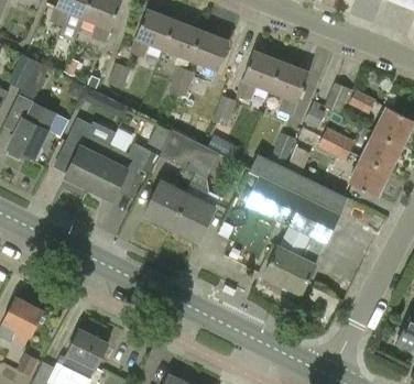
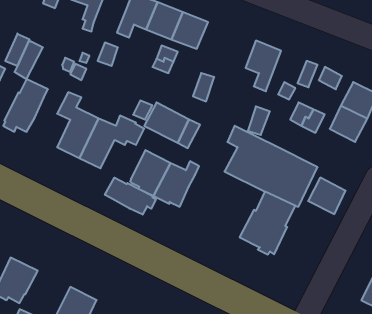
building: [237,51,281,100] -> none
building: [348,157,389,197] -> [308,178,346,214]
building: none -> [105,178,156,215]

